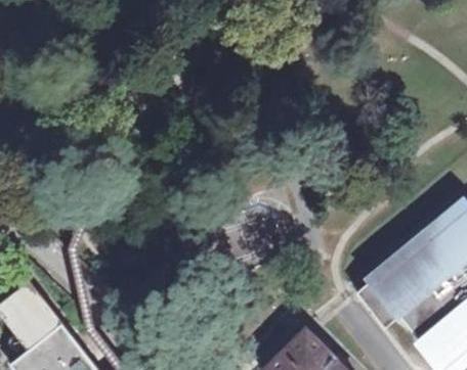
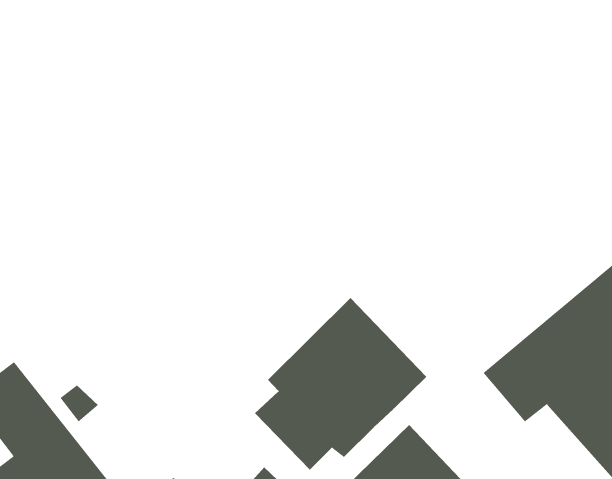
building: none -> [254,297,427,471]

